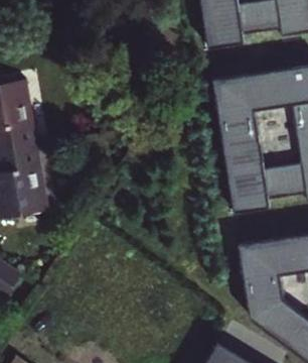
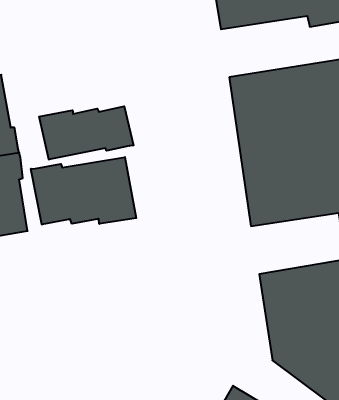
building: none -> [39,106,134,160]
building: none -> [31,157,136,225]

